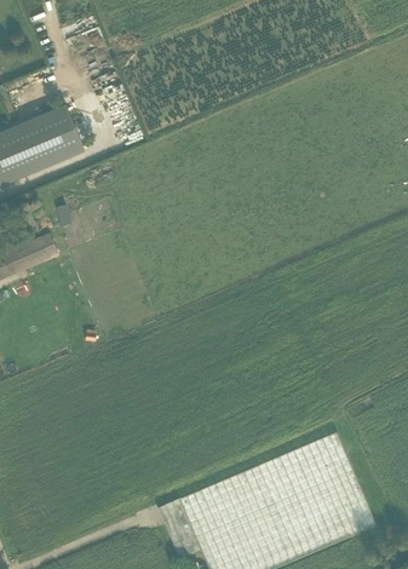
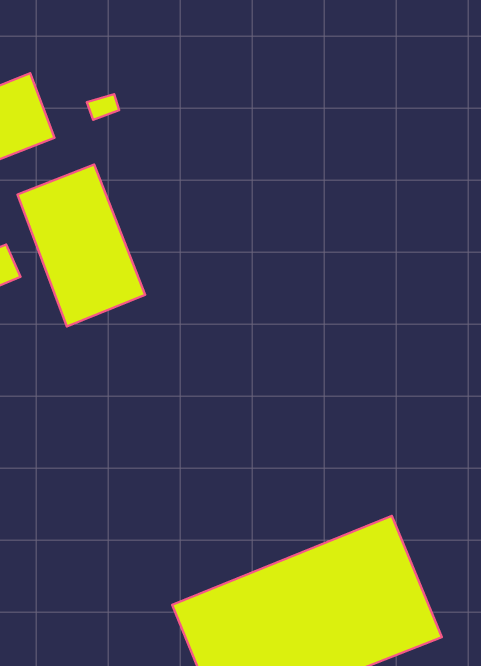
building: none -> [17,164,145,327]

